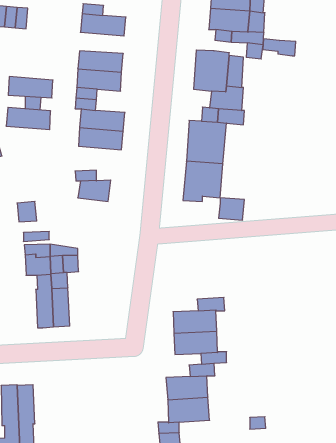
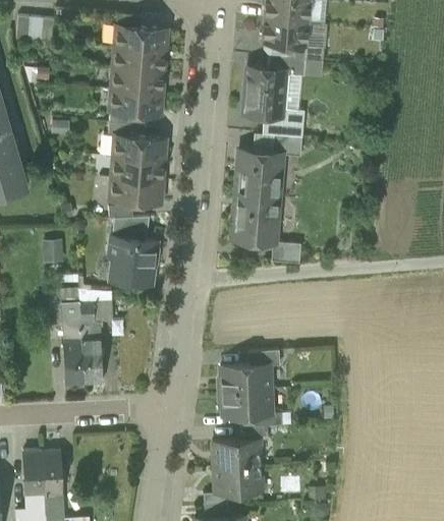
building: [263,39,296,56] -> [267,57,304,76]
building: [8,77,53,98] -> [113,48,164,72]
building: [6,107,51,130] -> [110,178,161,204]
building: none -> [109,237,156,283]

